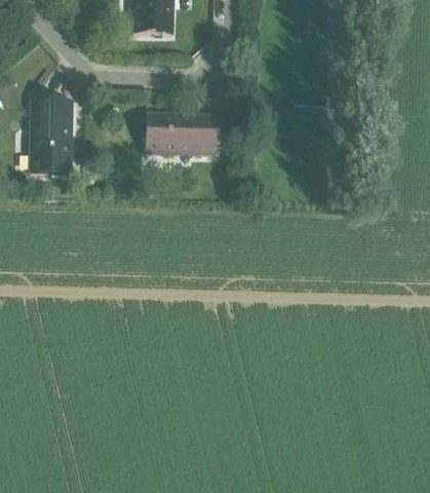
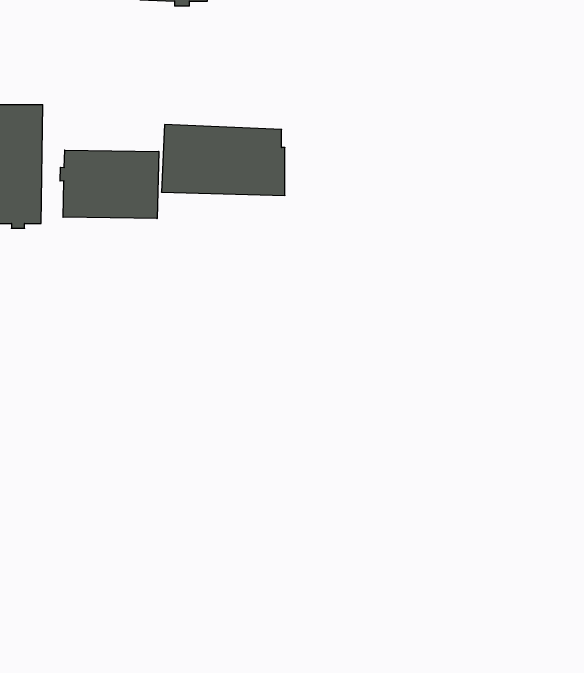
building: none -> [60,150,159,219]

